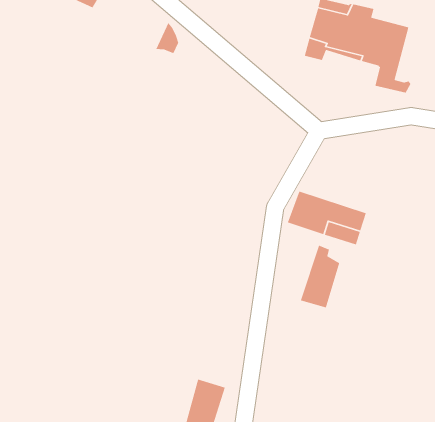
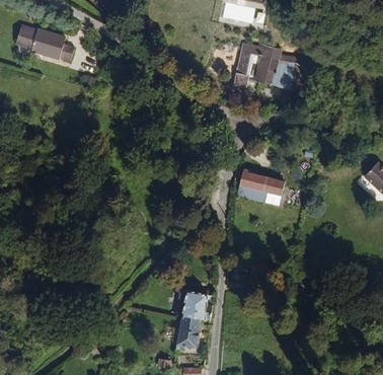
building: [300,245,340,309] -> none
building: none -> [178,288,209,317]

